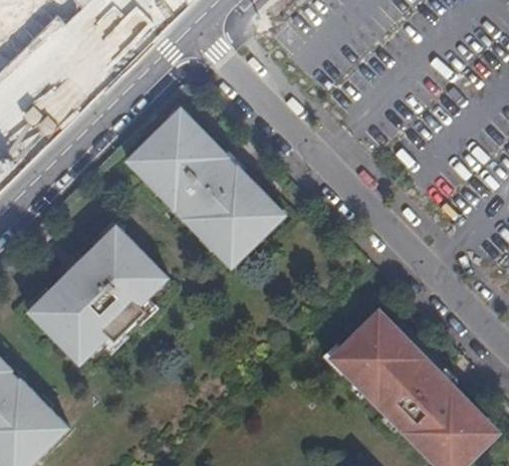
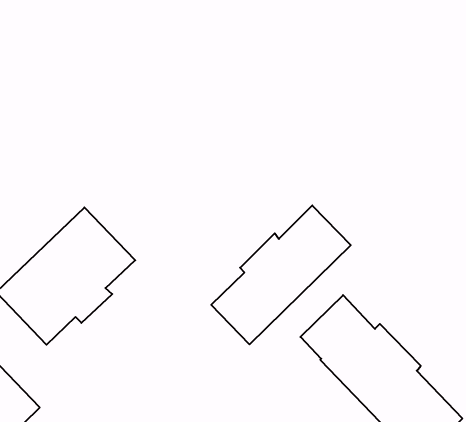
building: [129,109,283,265] -> none
building: none -> [211,205,351,344]

